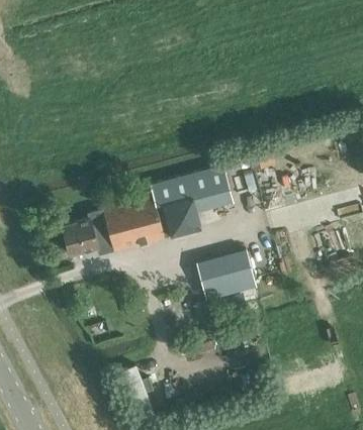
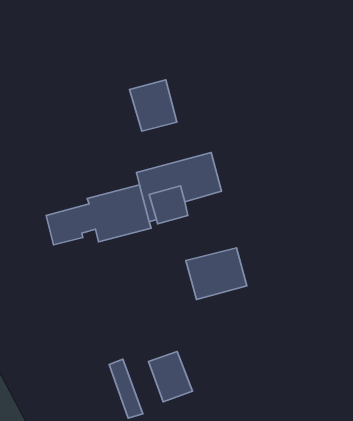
building: none -> [130,80,177,131]
building: none -> [148,351,192,402]

